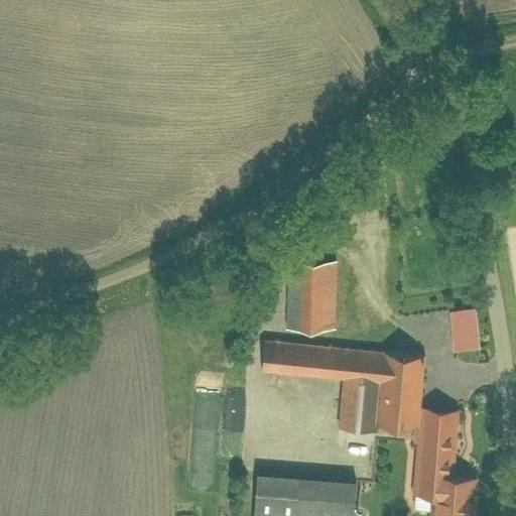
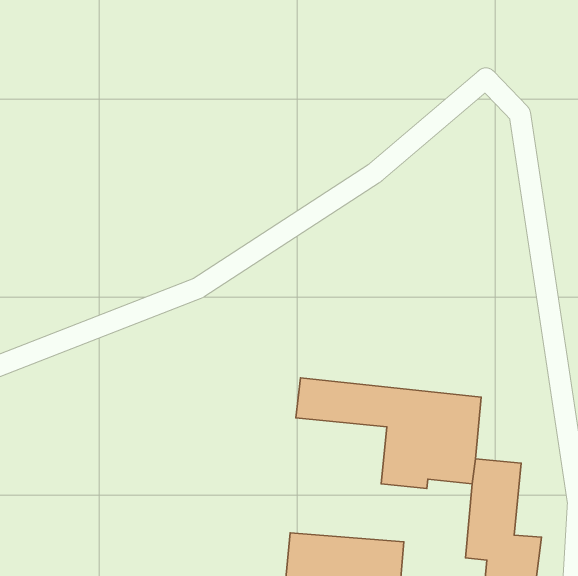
building: [284,266,336,334] -> none
building: [452,315,480,354] -> none

